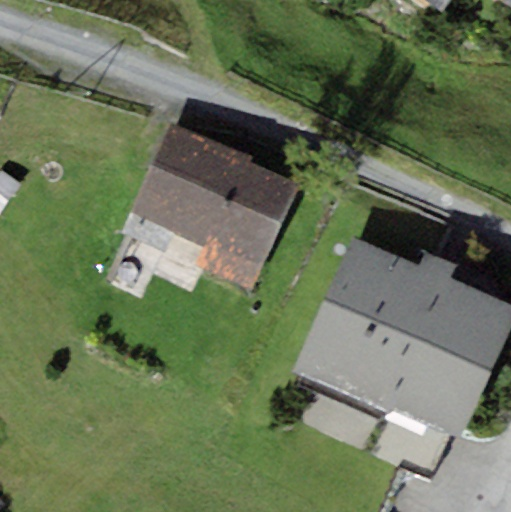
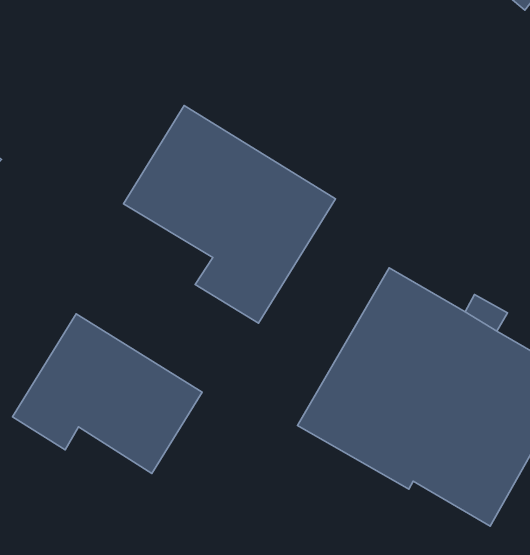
building: none -> [13,314,202,473]

